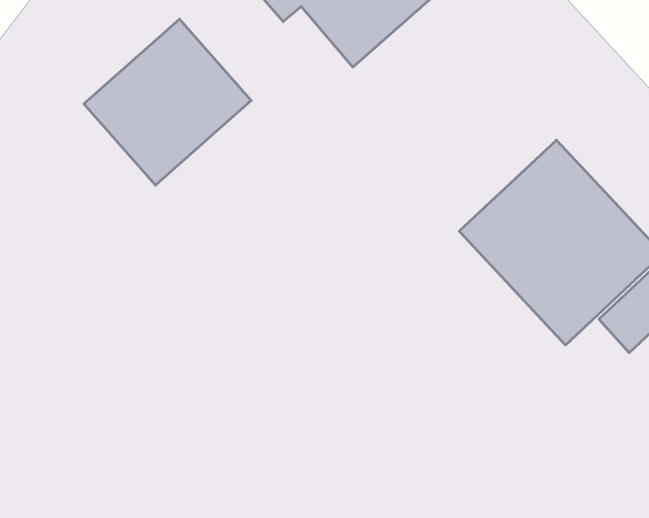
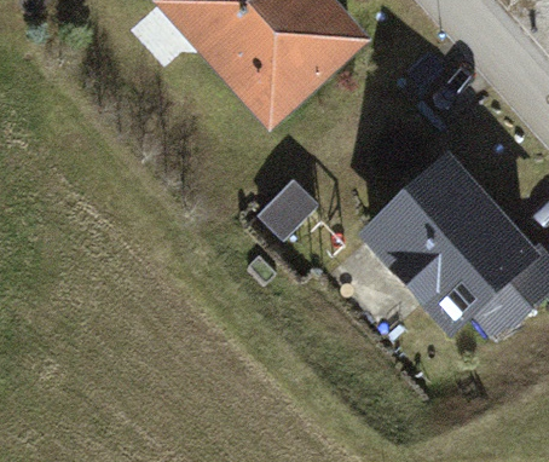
building: [84,19,251,185] -> none

